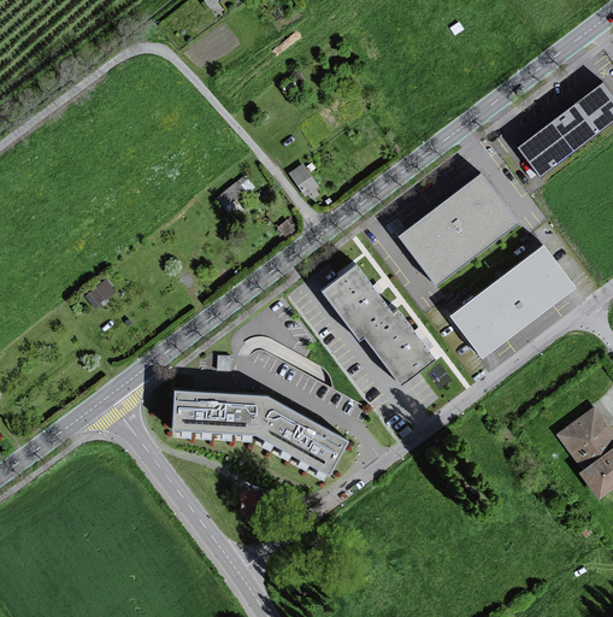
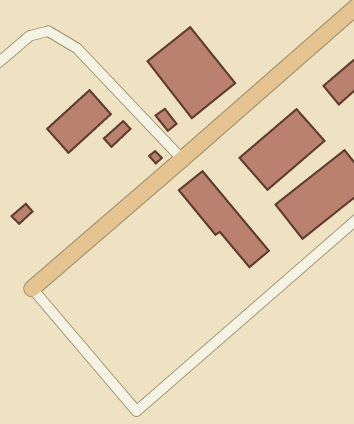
building: none -> [147,27,235,118]
building: none -> [47,90,111,153]
building: [172,390,349,478] -> none

